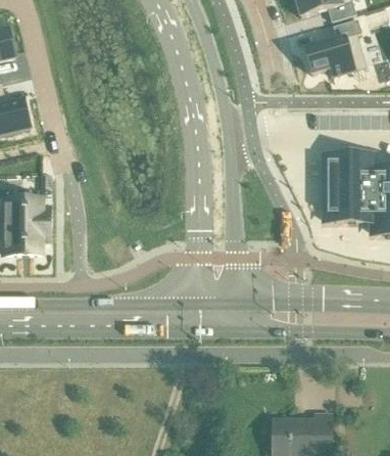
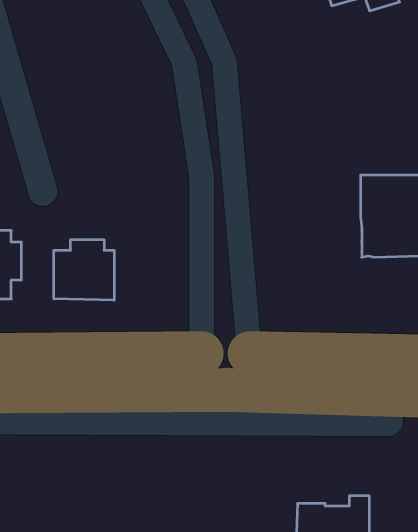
building: [303,18,364,76] -> none
building: none -> [54,240,114,300]

